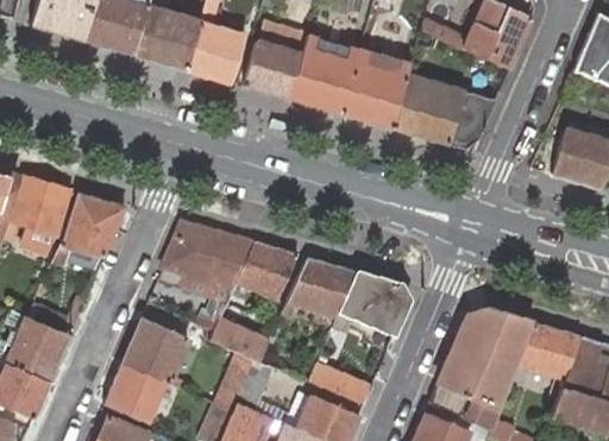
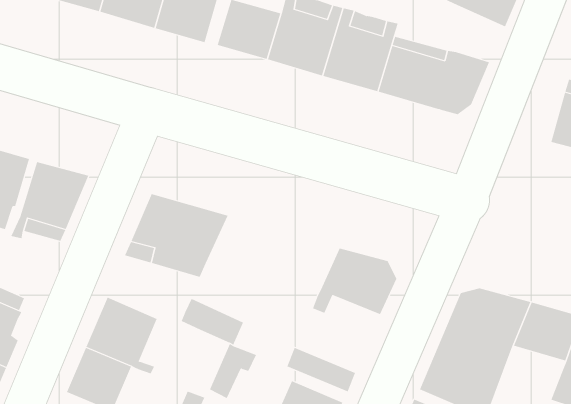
building: [222,241,297,316] -> none
building: [281,256,356,316] -> none
building: [207,347,255,409] -> none

